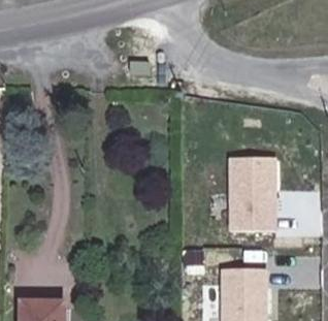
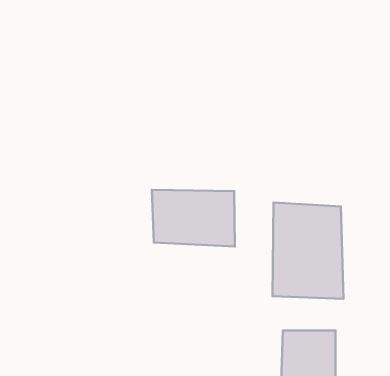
building: none -> [152,190,235,247]

